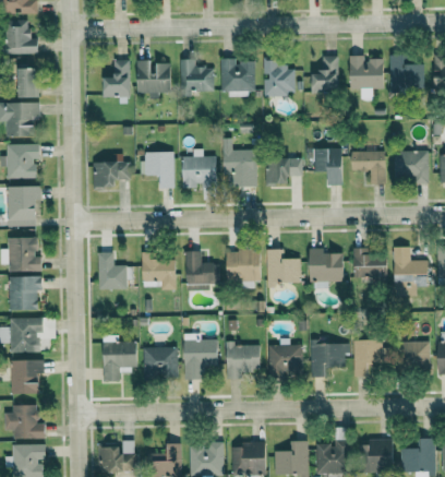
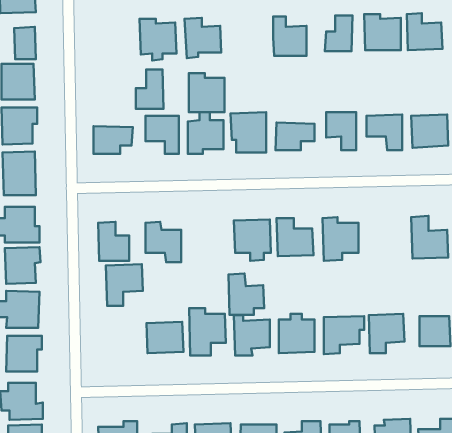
building: [220,58,254,95] -> [189,73,224,112]
building: [104,60,130,97] -> [136,70,164,109]
building: [353,248,388,287] -> none
building: [185,251,219,290] -> [229,273,264,315]
building: [103,342,137,381] -> [106,264,143,306]

